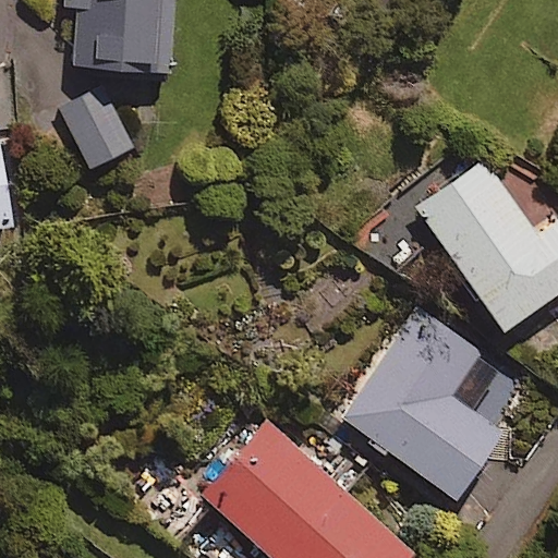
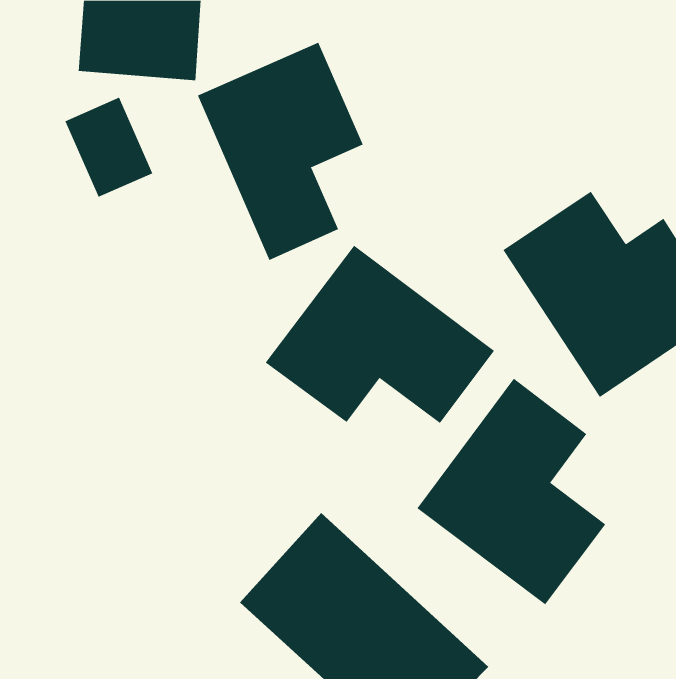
building: none -> [197,42,364,261]
building: none -> [265,245,495,424]

